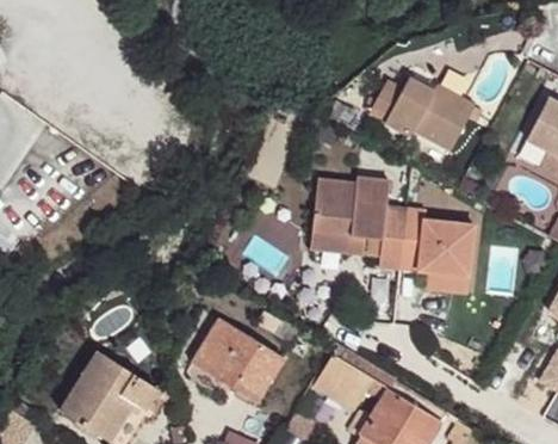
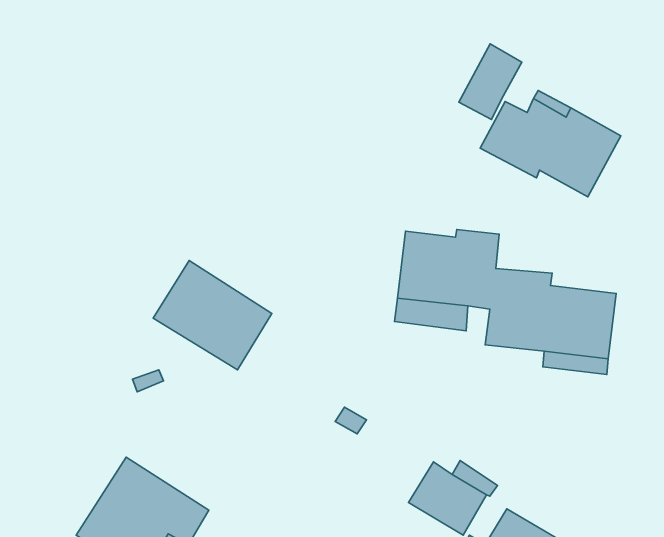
building: none -> [459,44,522,120]
building: [193,319,284,402] -> [153,261,272,370]

